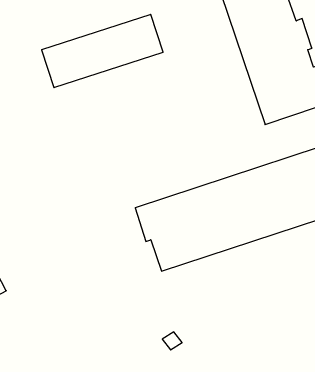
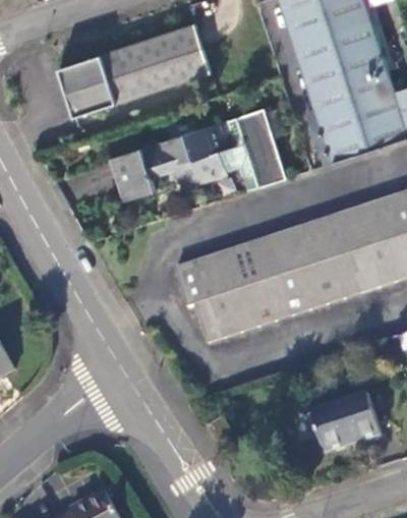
building: none -> [109,111,286,204]
building: none -> [308,391,380,455]

